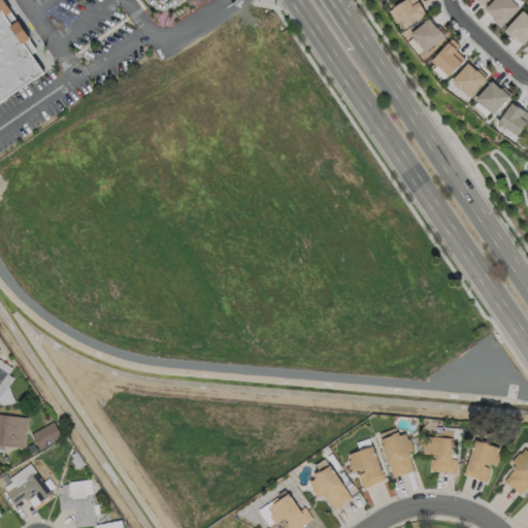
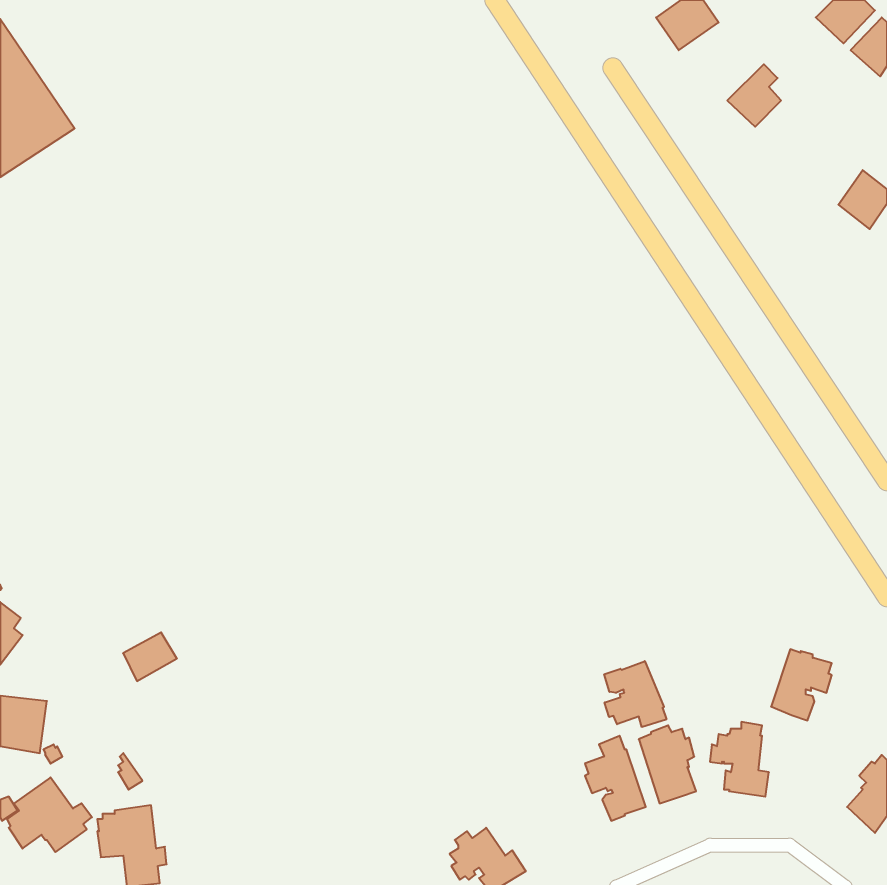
building: [411,19,446,53] -> none
building: [452,62,487,98] -> none
building: [475,80,510,116] -> none
building: none -> [604,661,666,727]
building: [31,422,63,451] -> [123,632,177,681]
building: [463,440,499,483] -> [771,649,832,720]
building: [309,465,352,510] -> none

